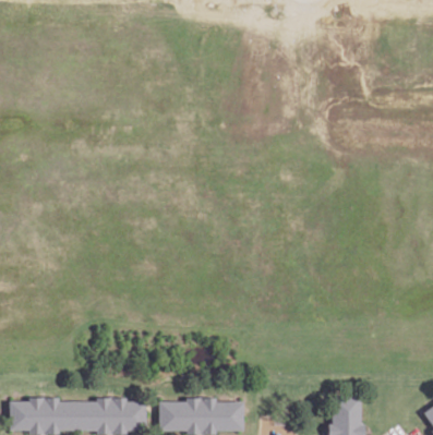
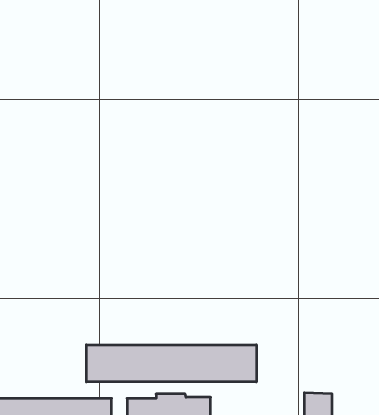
building: none -> [86,345,256,382]

